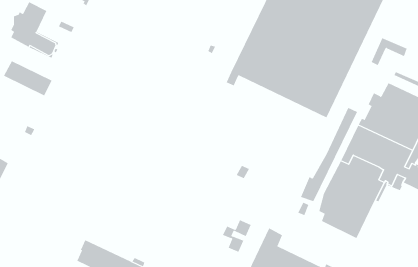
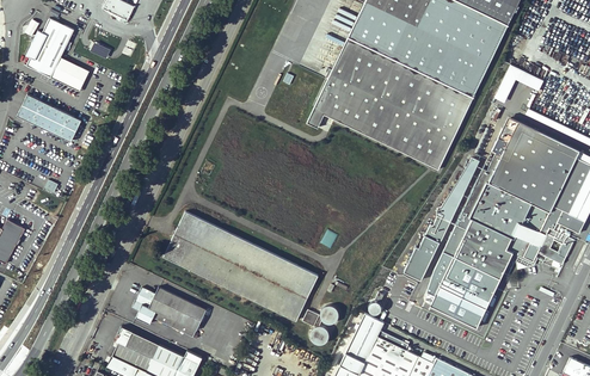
building: none -> [164,211,319,321]
building: none -> [133,286,207,337]

